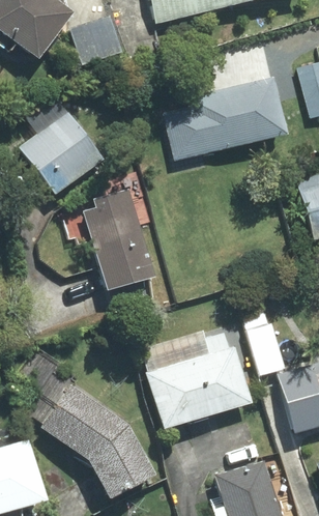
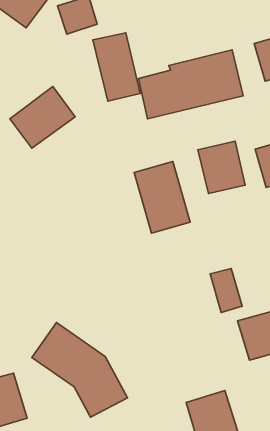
building: none -> [93,33,140,101]
building: none -> [198,141,245,194]
building: [90,205,153,286] -> [134,161,190,233]
building: [151,350,248,424] -> none

